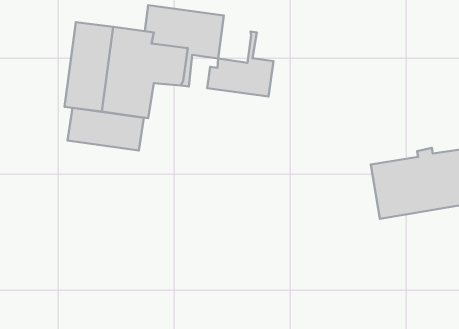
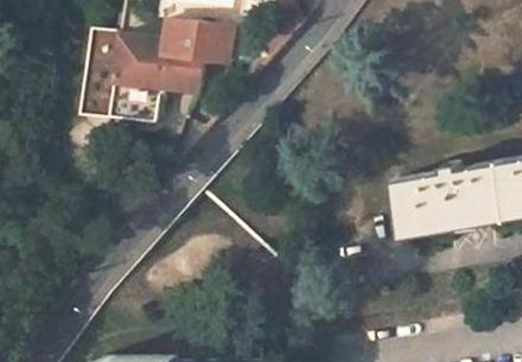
building: [207,32,274,97] -> none
building: [67,108,144,150] -> none

